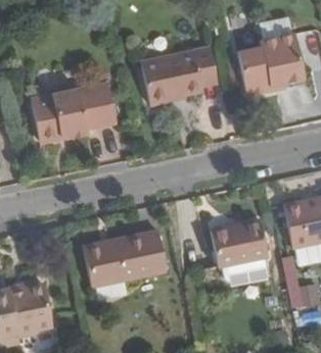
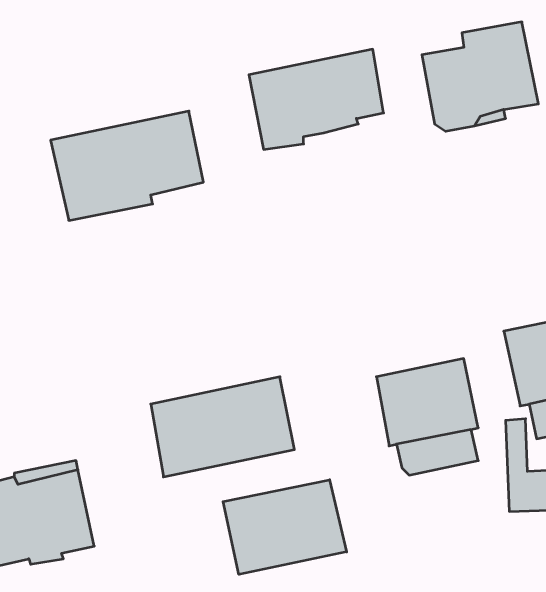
building: none -> [223,480,347,574]

